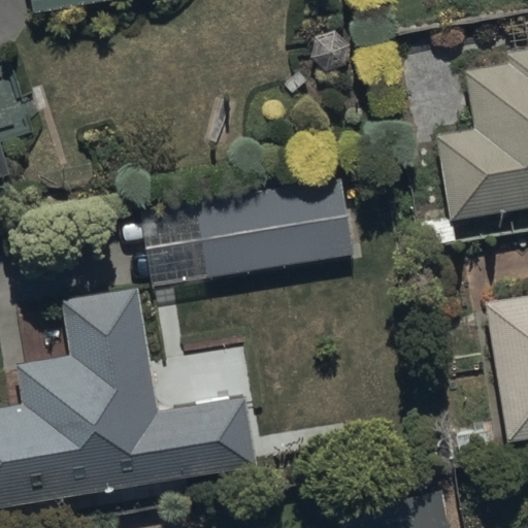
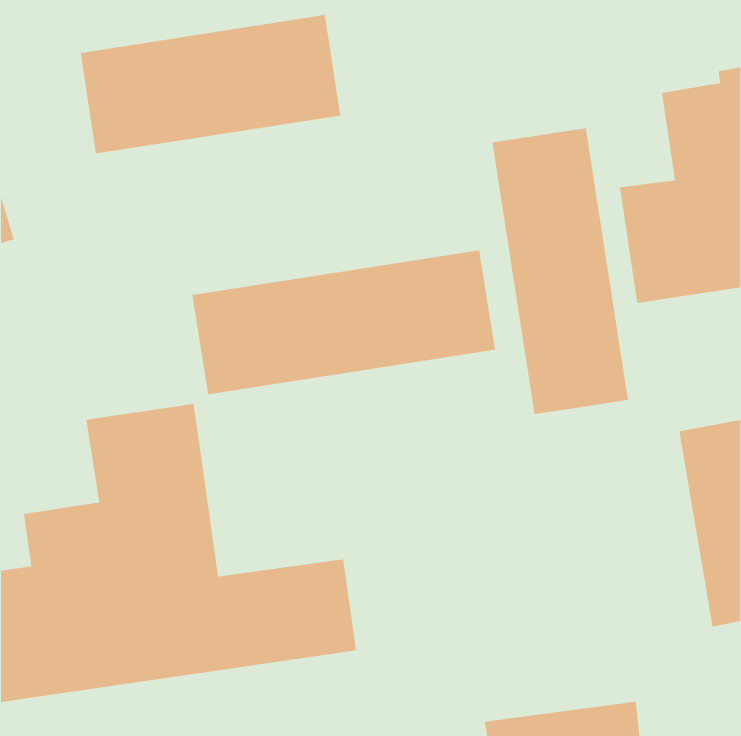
building: none -> [80,14,341,154]
building: none -> [492,127,629,415]

